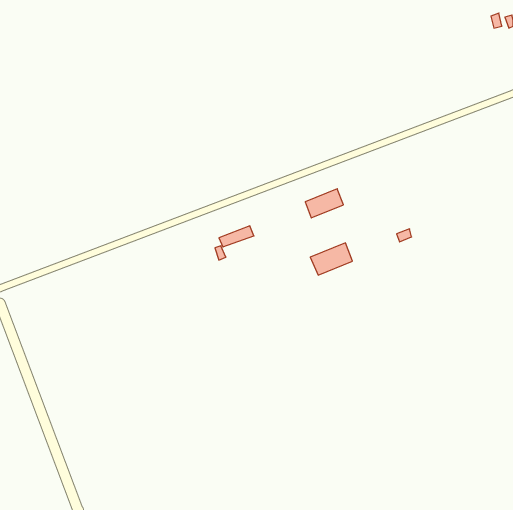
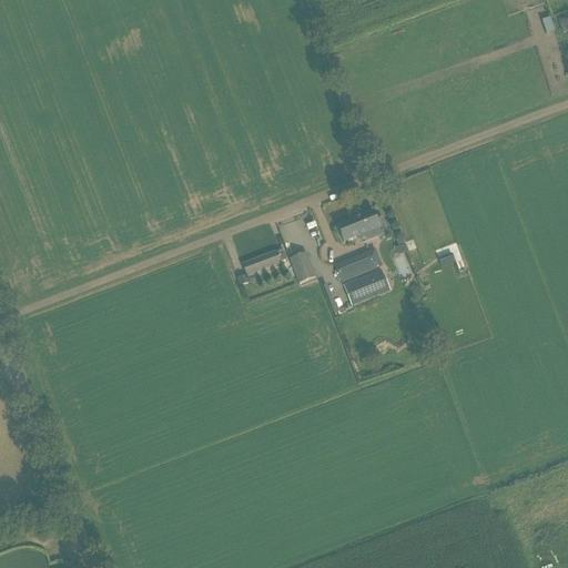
building: none -> [336,250,383,280]
building: none -> [290,251,315,282]

